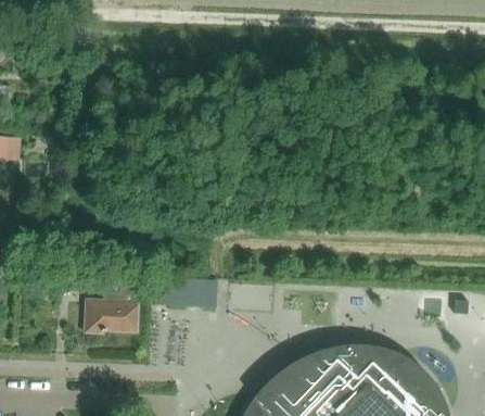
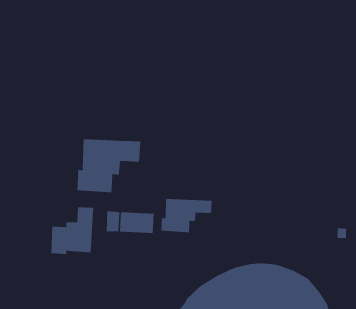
building: none -> [77,138,141,193]
building: none -> [161,198,212,233]

